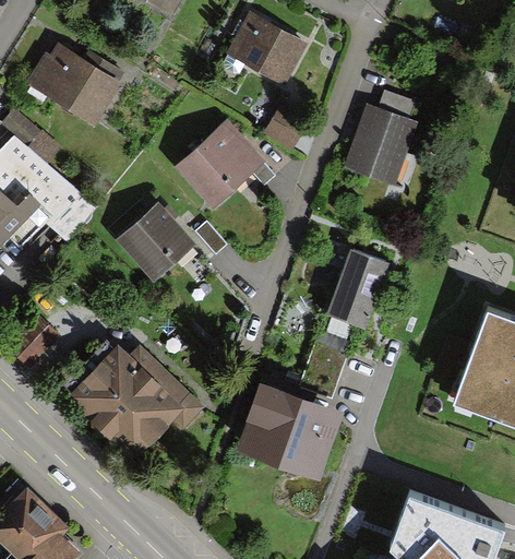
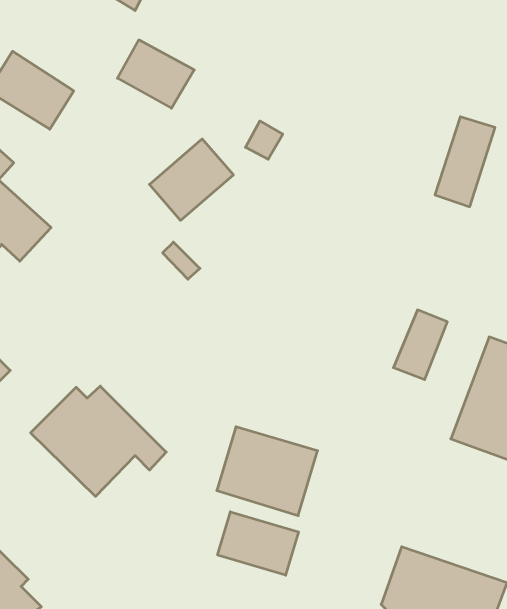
building: [227,17,297,80] -> [117,40,194,108]
building: [357,99,411,181] -> [435,117,495,207]
building: [119,210,187,276] -> none
building: [332,257,381,320] -> [393,310,447,380]
building: none -> [218,512,299,575]

